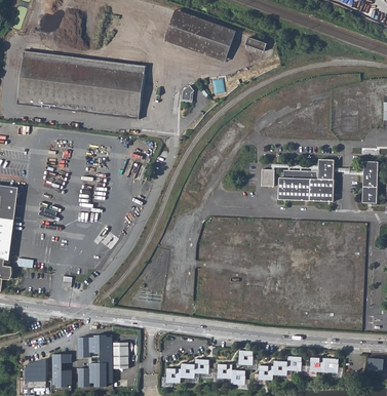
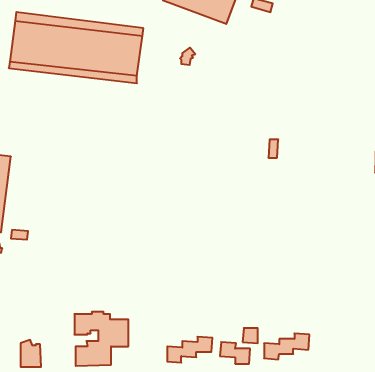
building: [276,158,334,199] -> none
building: [51,353,71,384] -> none
building: [309,356,338,372] -> none

